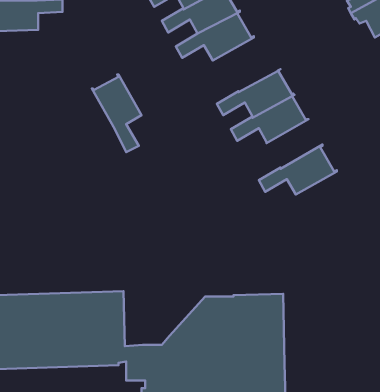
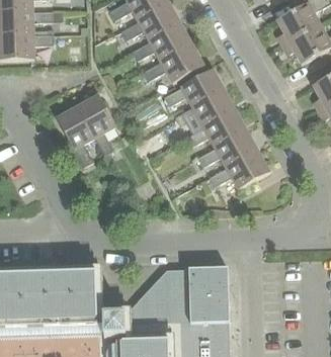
building: none -> [163,70,225,108]
building: none -> [56,105,93,167]
building: none -> [196,129,258,169]

